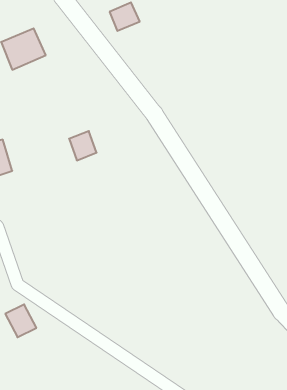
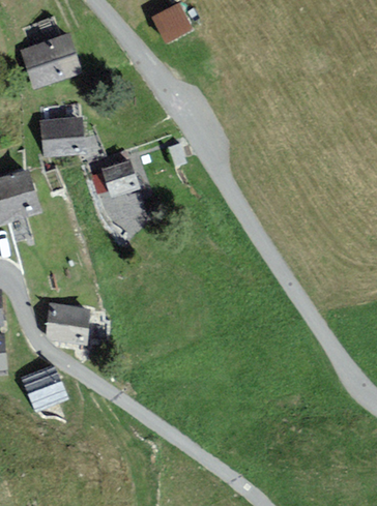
building: none -> [42,120,81,156]
building: none -> [49,305,88,341]

